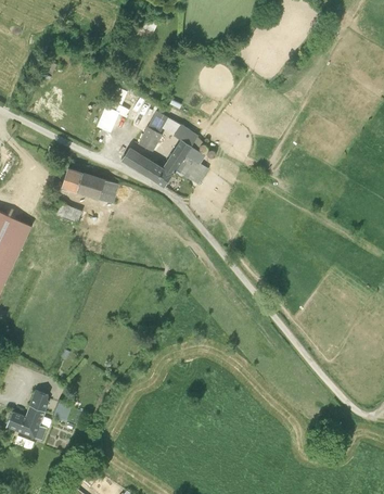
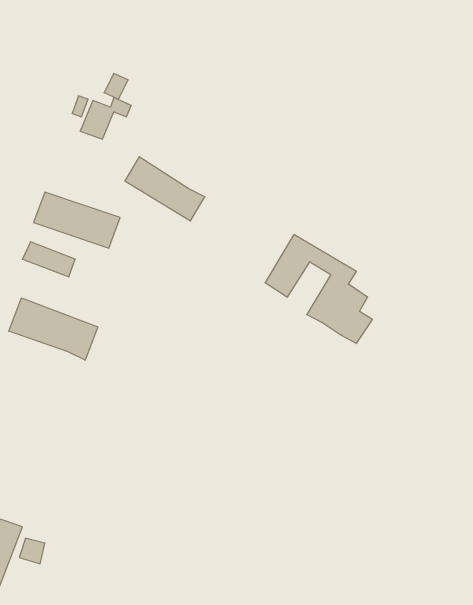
building: [137,111,209,185] -> [265,235,372,344]
building: none -> [9,298,98,360]

